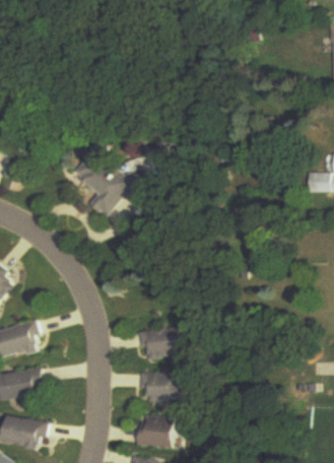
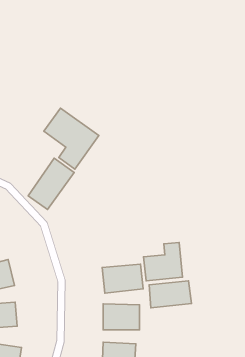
building: none -> [28,158,74,210]
building: none -> [144,242,183,281]
building: none -> [149,281,191,308]

